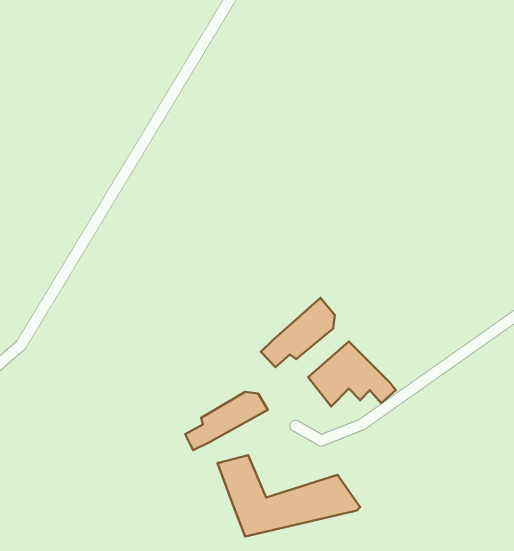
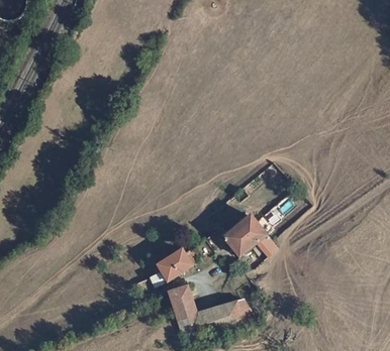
building: [261,298,335,367] -> none

